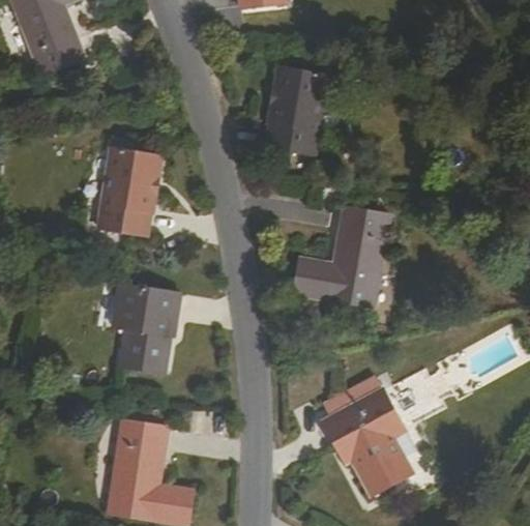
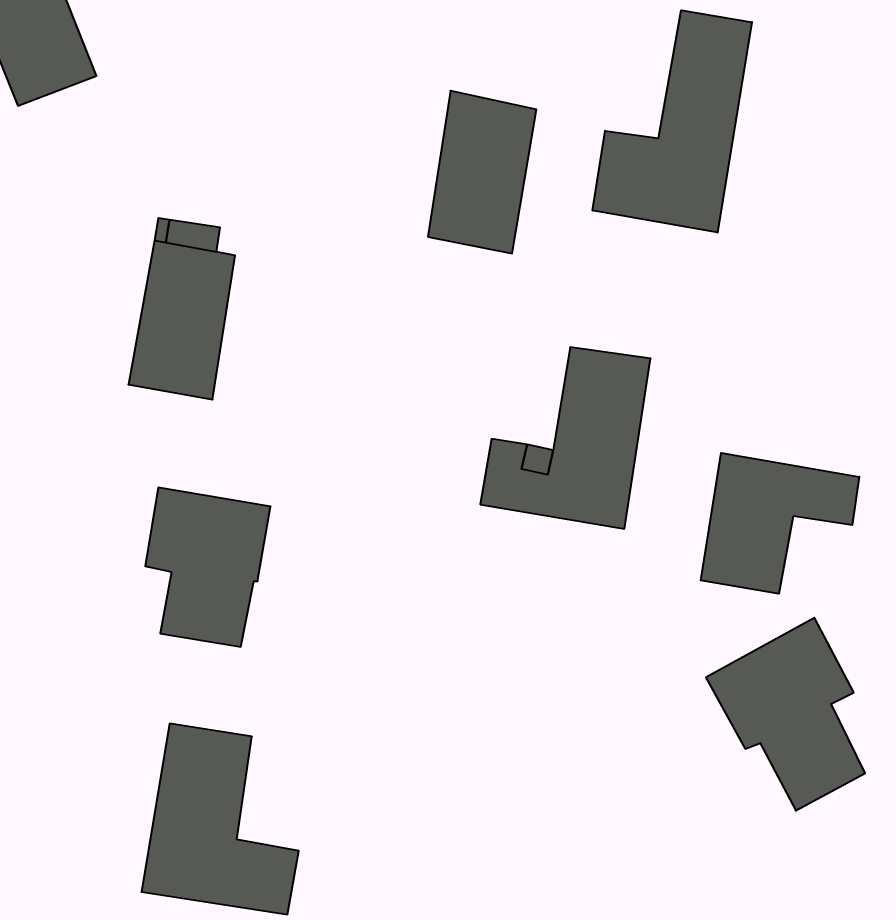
building: none -> [593,10,752,233]
building: none -> [701,453,859,594]
building: [322,388,410,495] -> [706,618,865,811]

